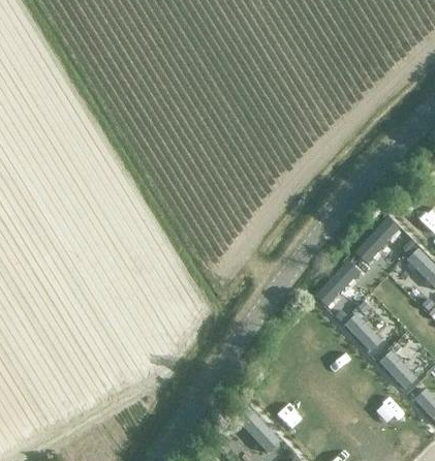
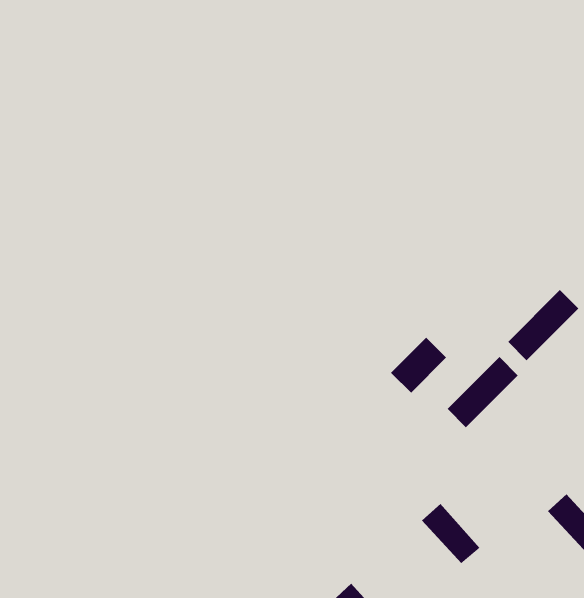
building: none -> [390,337,447,393]
building: [345,313,383,352] -> [421,503,480,564]

